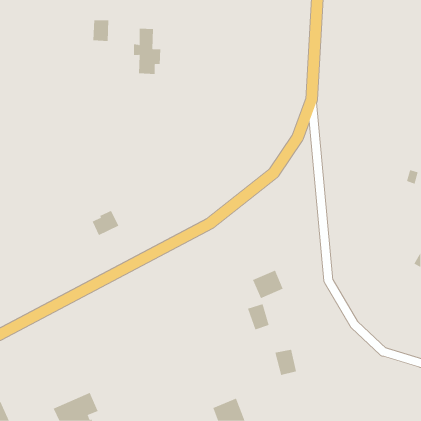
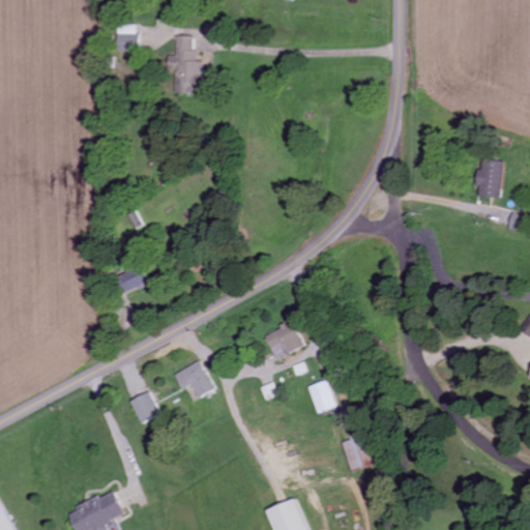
building: none -> [475,159,501,197]
building: [252,270,284,299] -> [265,322,304,358]
building: none -> [174,361,212,396]
building: none -> [129,391,160,424]

